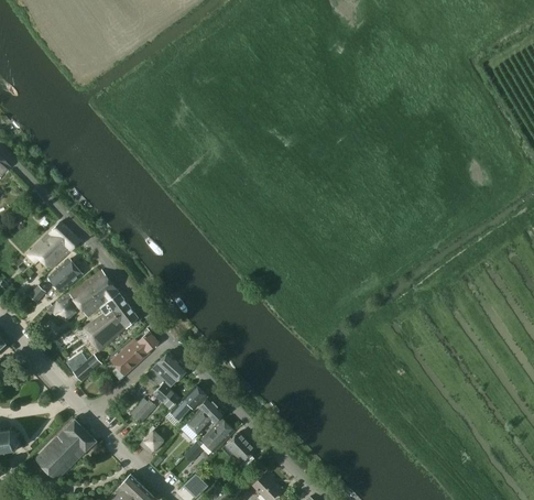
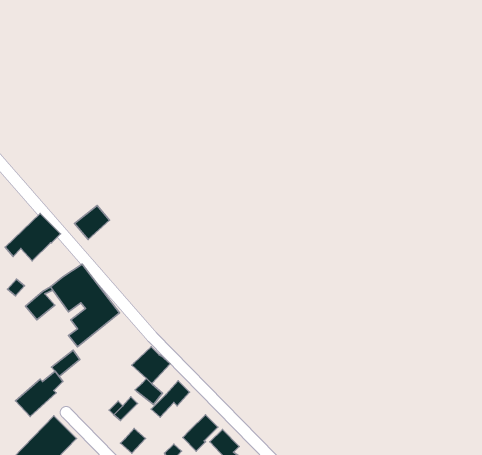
building: [47,259,81,292] -> [74,205,110,239]
building: [110,331,156,376] -> [15,371,63,417]
building: [185,398,224,435] -> none

